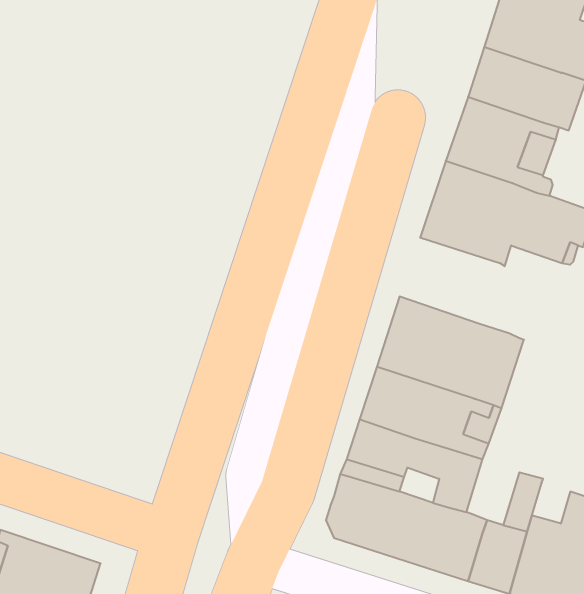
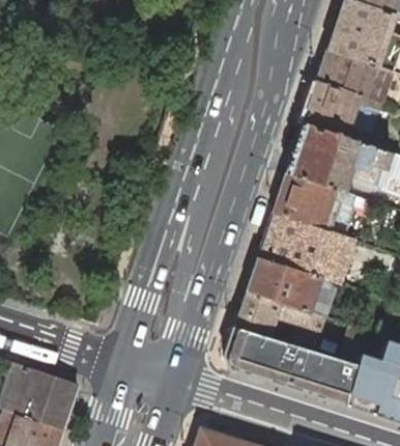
building: none -> [273,172,378,238]

